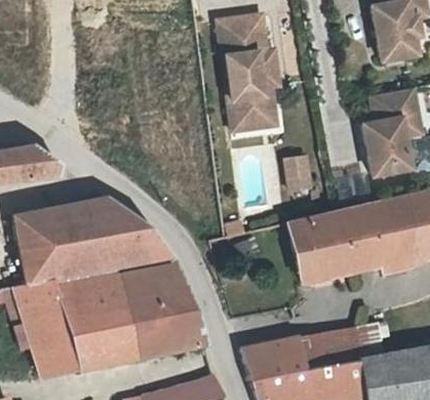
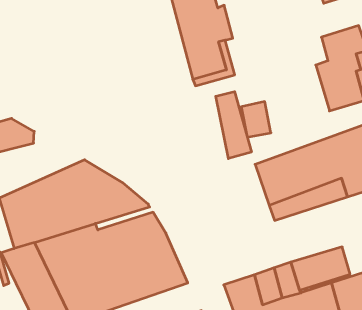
building: none -> [216,92,251,159]

